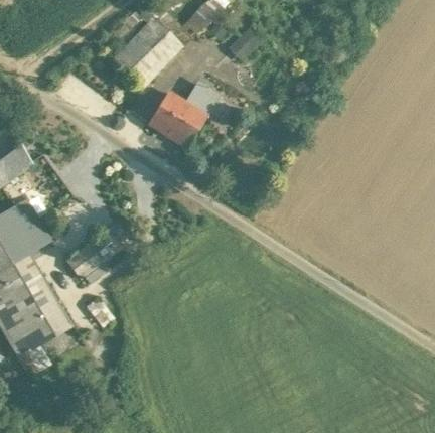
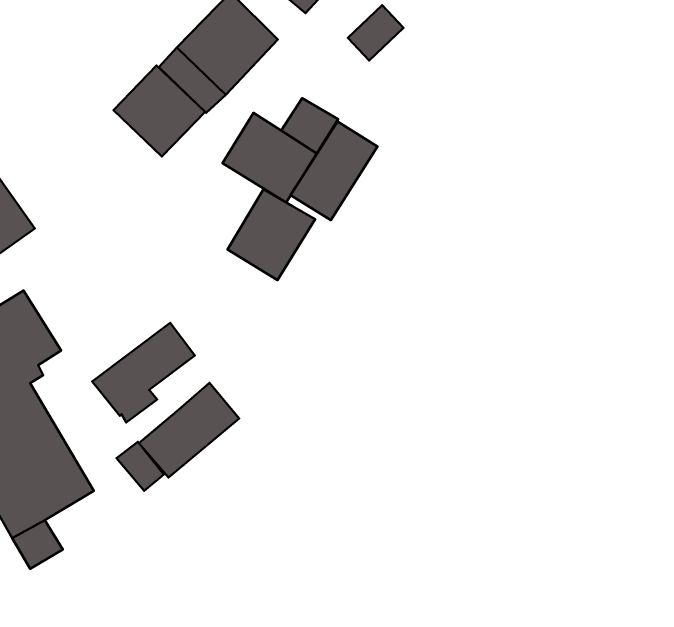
building: none -> [113,65,205,157]
building: none -> [291,121,378,220]
building: none -> [227,189,315,280]
building: none -> [139,383,239,477]

